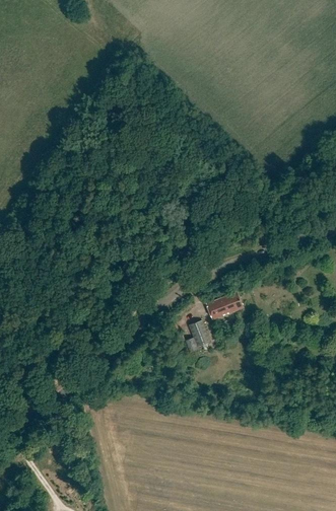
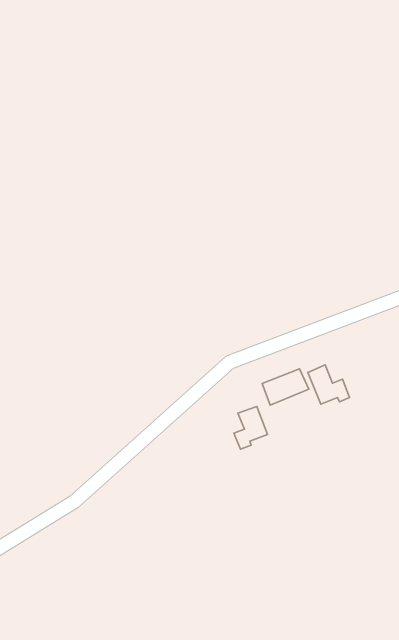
building: none -> [308,365,350,404]

